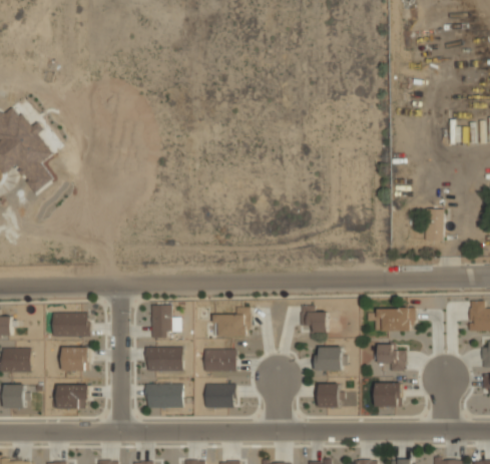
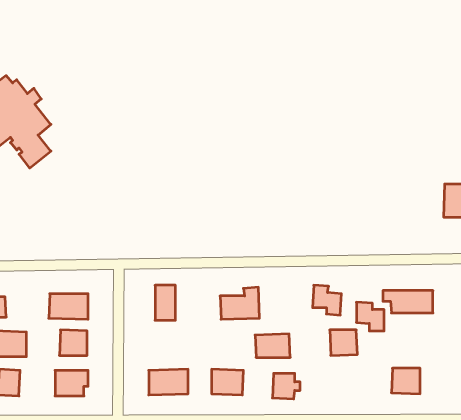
building: [377,344,403,371] -> [356,302,384,331]
building: [146,348,182,371] -> none
building: [202,349,235,371] -> [255,334,290,357]
building: [318,384,344,408] -> [272,373,300,399]

